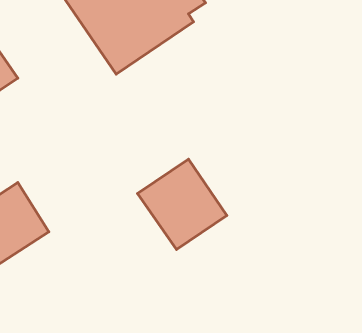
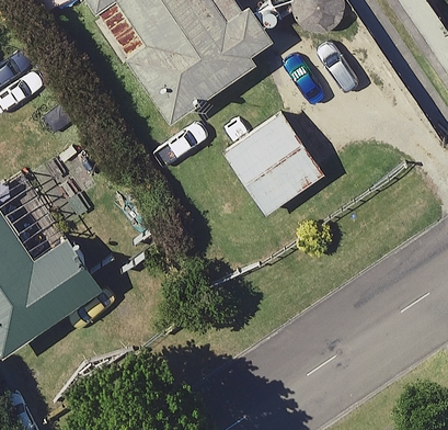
building: [137,159,227,250] -> [226,120,323,218]

